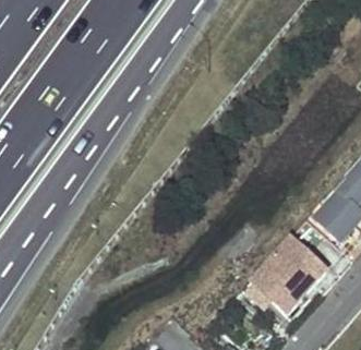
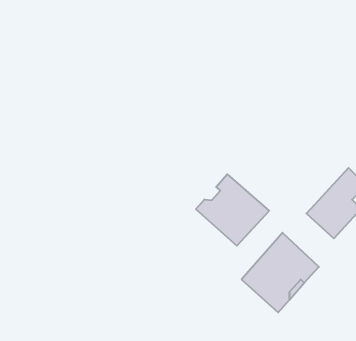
building: none -> [196,174,269,246]

